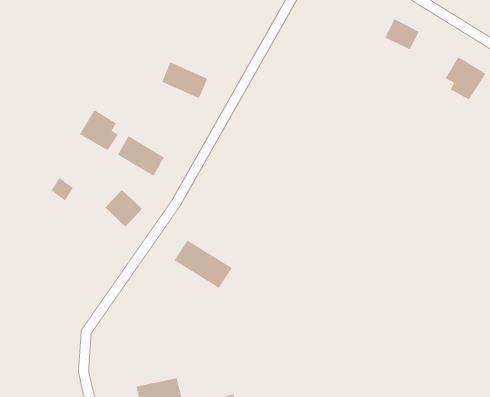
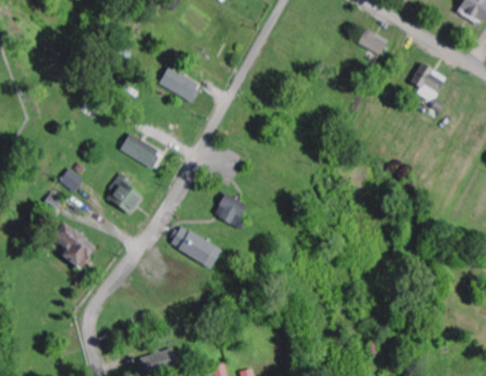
building: [79,109,119,151] -> none
building: none -> [213,193,248,227]
building: none -> [51,224,96,270]

